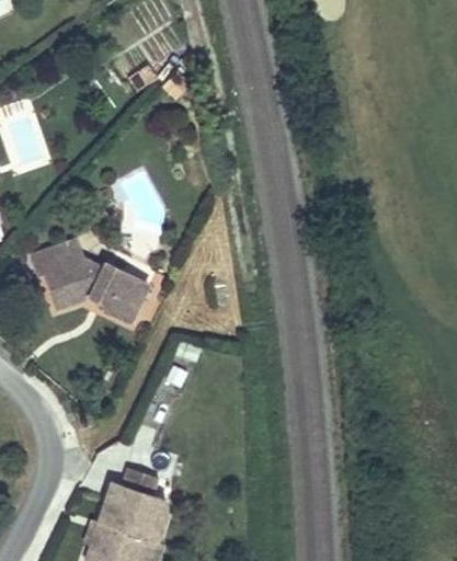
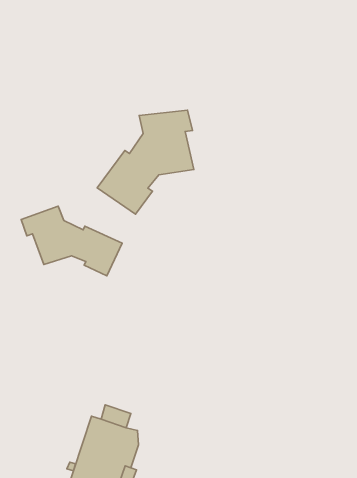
building: none -> [97,110,194,214]

